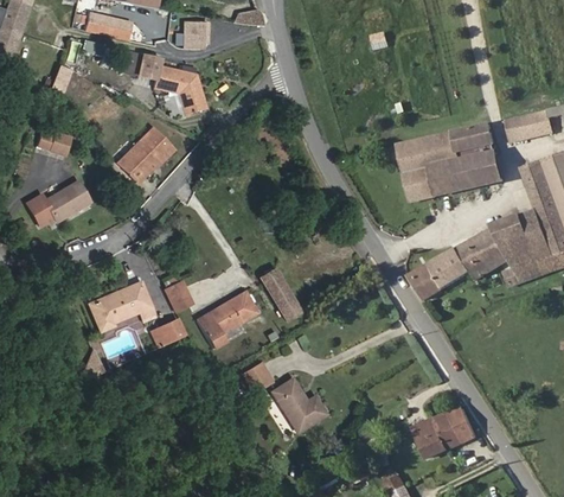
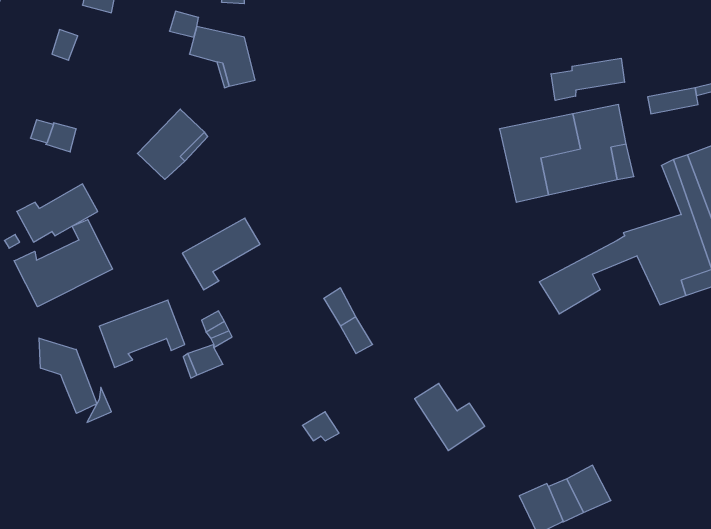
building: none -> [551,58,625,100]
building: none -> [14,219,113,307]
building: [469,242,521,286] -> none
building: [406,262,443,299] -> none
building: [197,292,257,348] -> [182,218,260,290]
building: none -> [39,338,97,413]
building: [274,377,328,429] -> [415,383,485,451]

